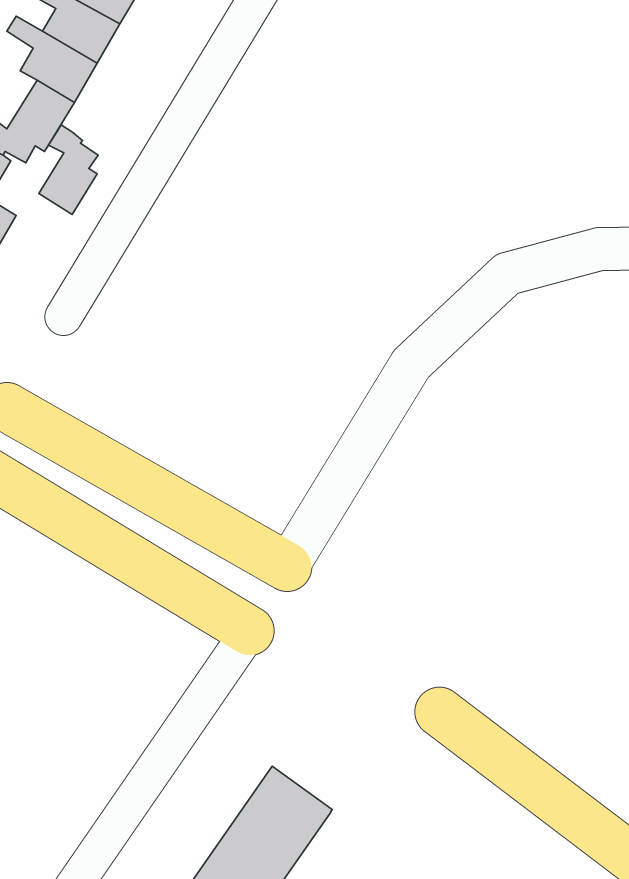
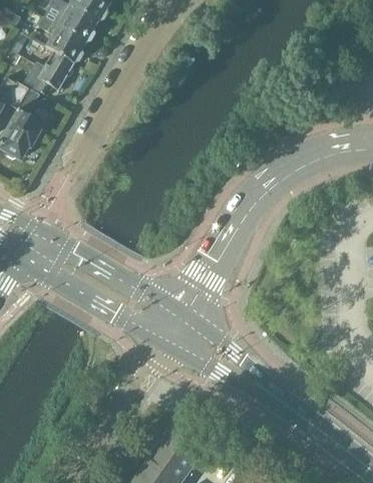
building: [39,125,98,215] -> none

